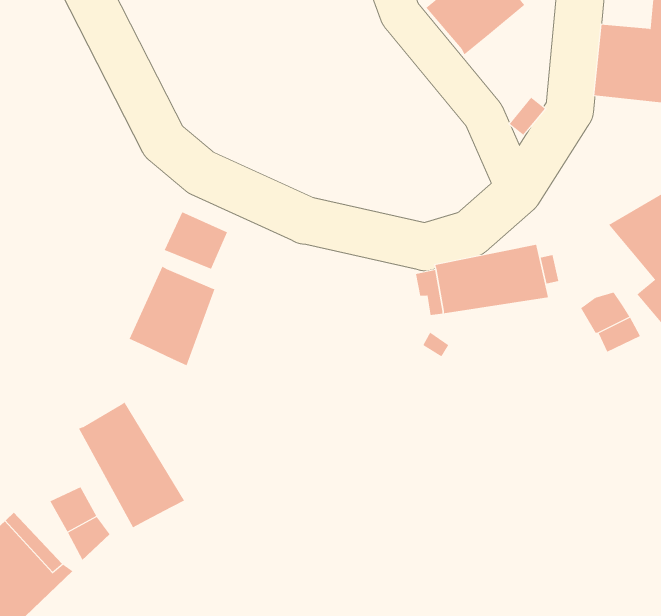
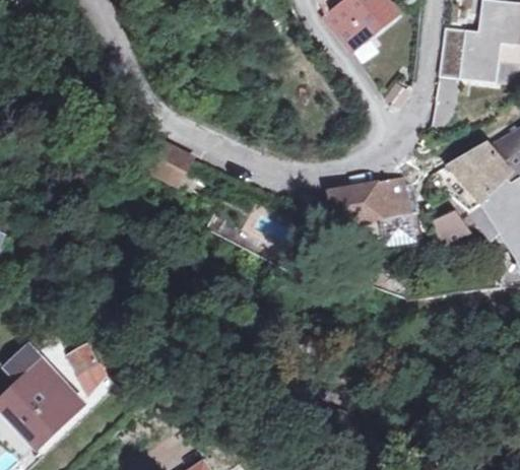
building: [129,266,215,366] -> none
building: [78,402,185,528] -> none

